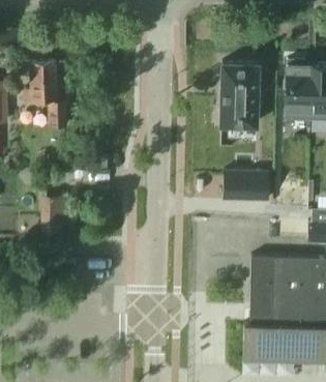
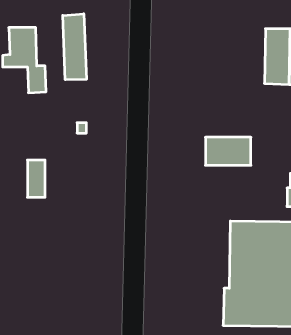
building: none -> [63,14,86,80]
building: [219,65,258,127] -> none

